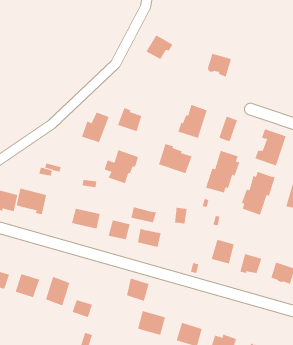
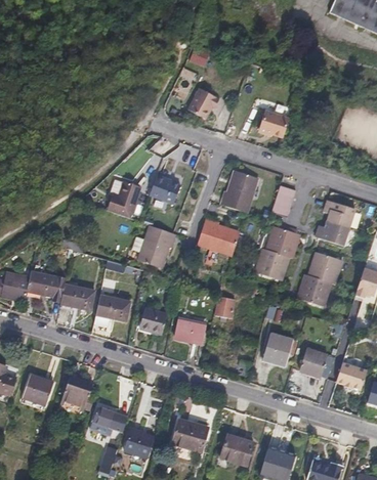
building: none -> [58,285,94,311]
building: [131,207,157,223] -> none
building: [126,278,150,301] -> [128,429,157,457]

